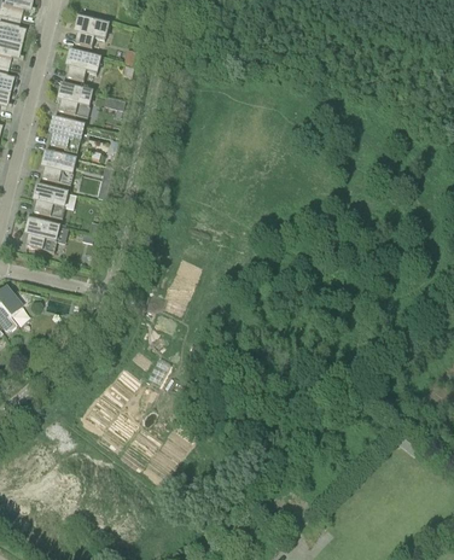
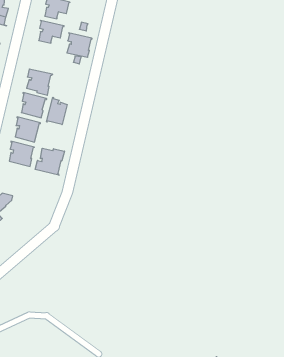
building: [58,81,93,115] -> [67,33,92,57]
building: none -> [46,97,67,125]
building: none -> [35,148,64,175]

